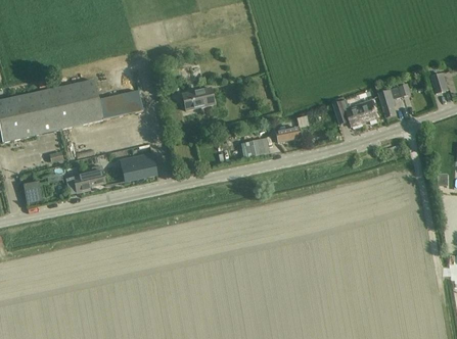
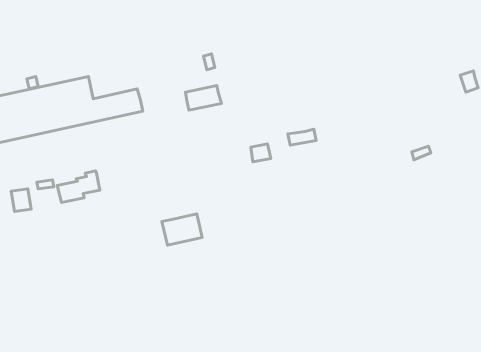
building: [378,84,411,117] -> none
building: [332,96,377,126] -> none
building: [120,152,156,181] -> [162,214,202,245]

